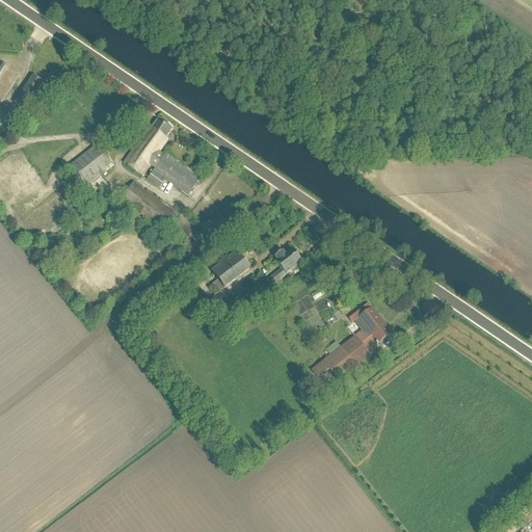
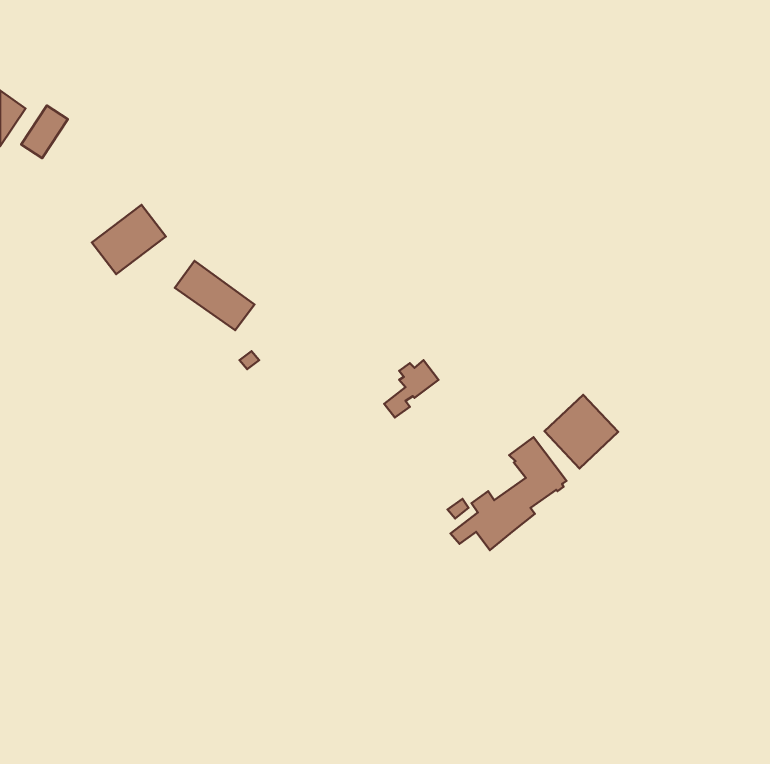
building: [124,117,200,194] -> none
building: [205,251,249,304] -> none
building: none -> [544,395,618,468]

